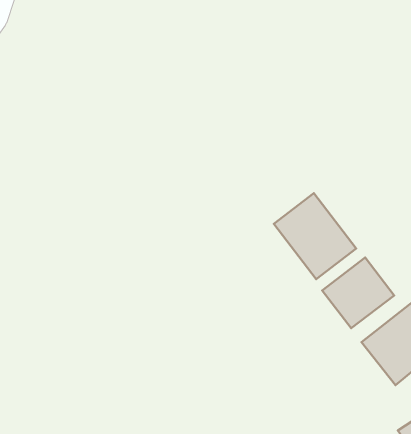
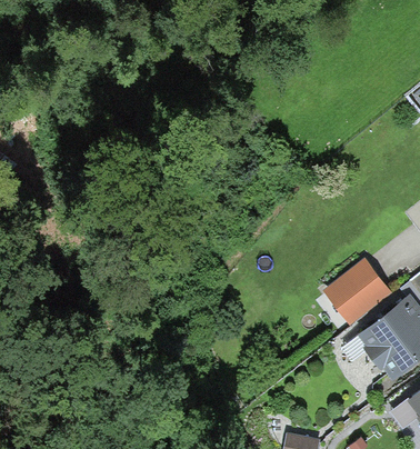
building: [274,193,356,279] -> none

